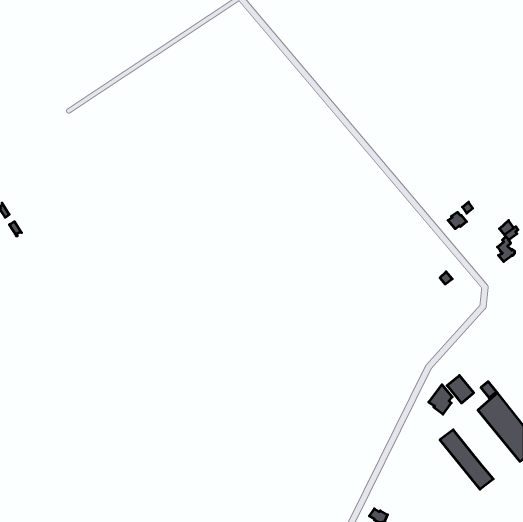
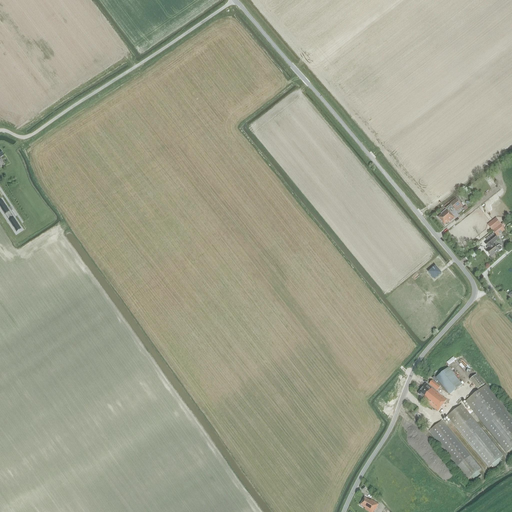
building: none -> [447,403,504,465]

